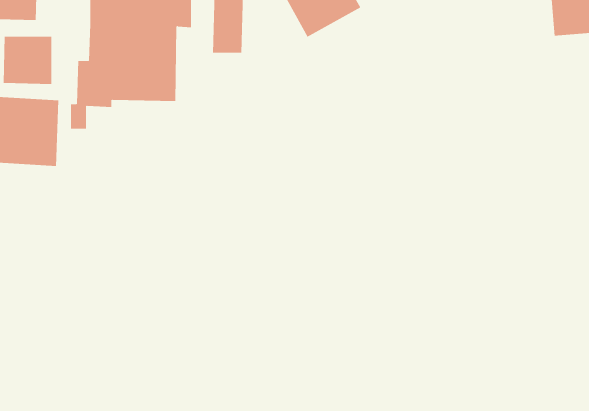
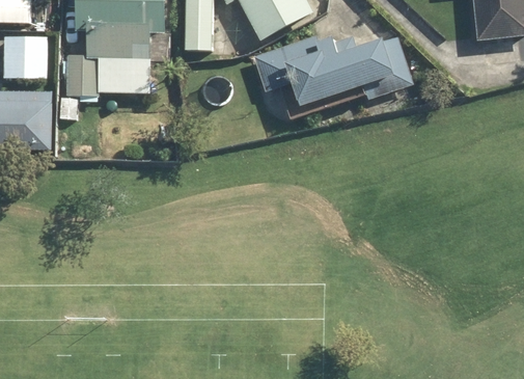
building: none -> [253,35,409,110]

